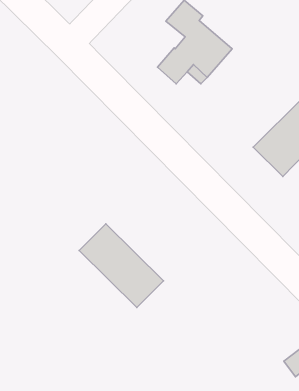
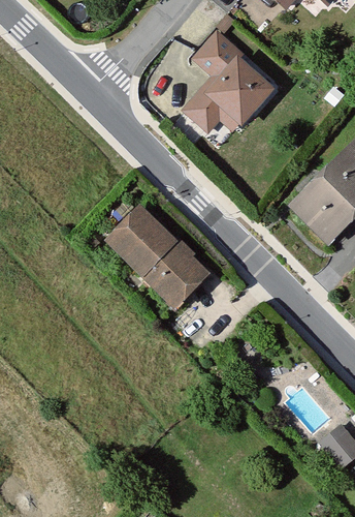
building: [79,224,164,307] -> [111,207,206,301]

